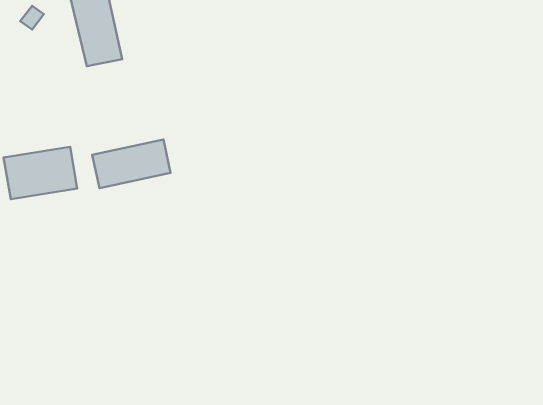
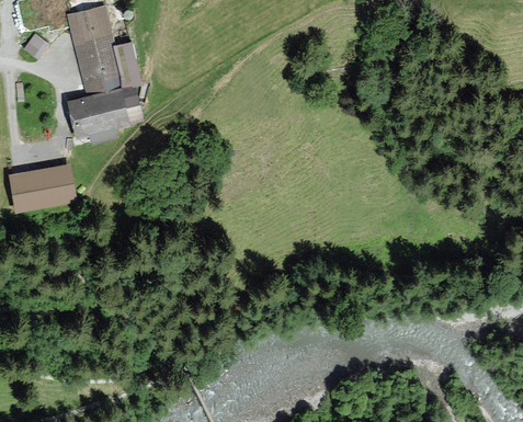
building: none -> [115,43,139,85]
building: [92,140,171,188] -> [68,89,140,134]

